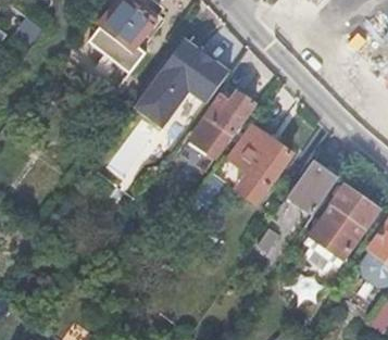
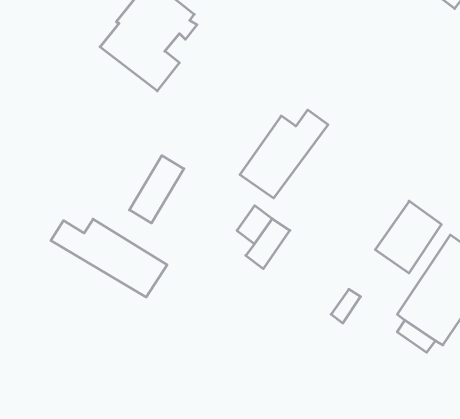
building: [135,40,229,128] -> none
building: [229,126,291,194] -> none
building: none -> [51,219,167,297]

